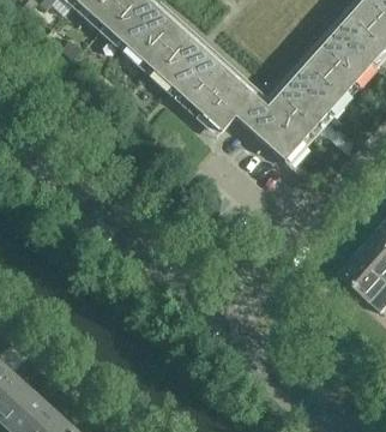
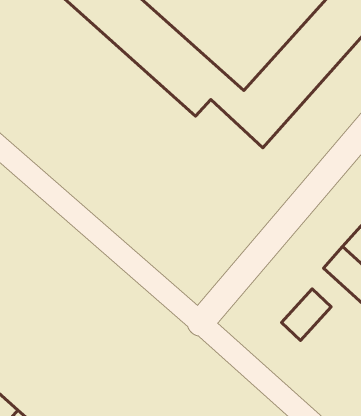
building: none -> [281,289,331,340]

